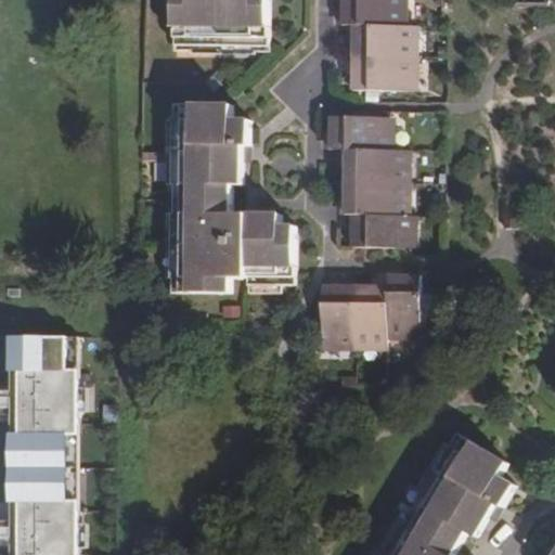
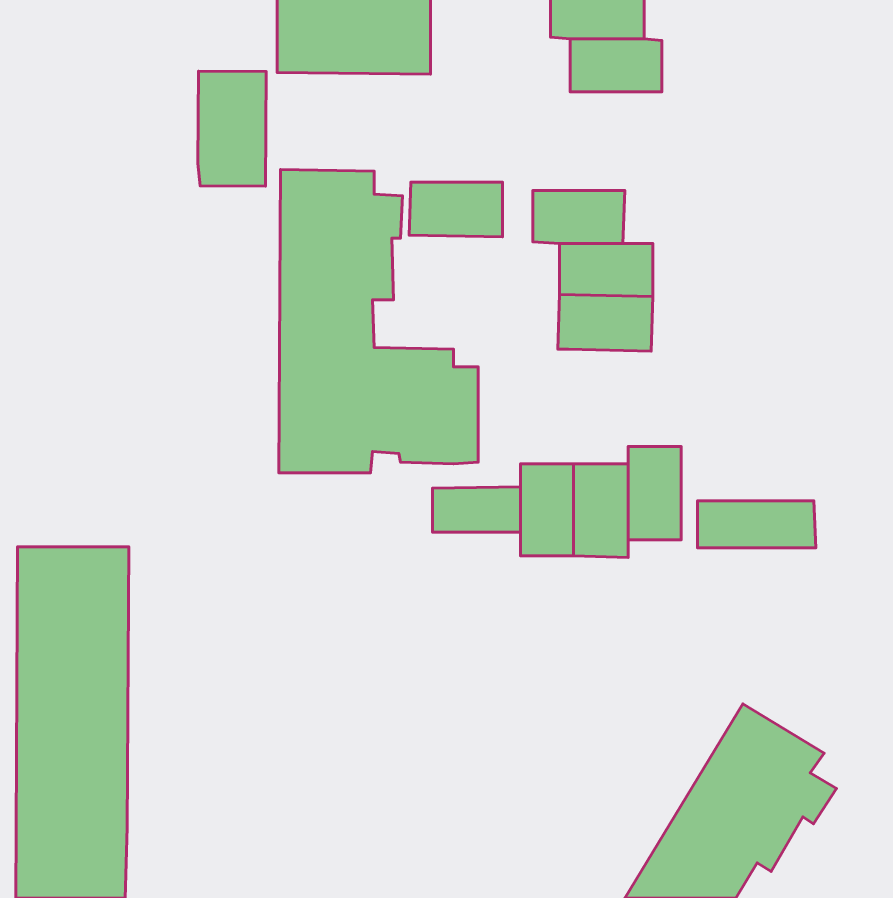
building: none -> [198,71,266,186]
building: [349,56,406,90] -> [409,182,503,237]
building: [349,215,405,247] -> none
building: none -> [432,487,521,532]
building: none -> [697,501,816,548]

